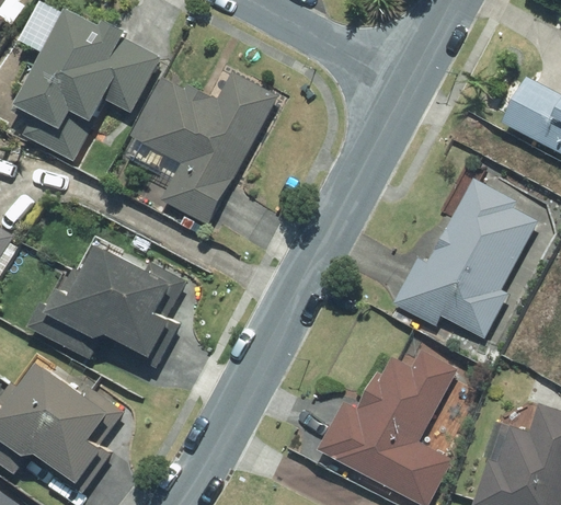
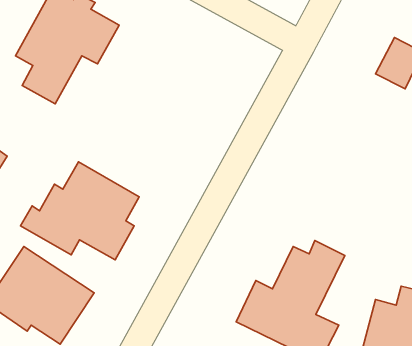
building: [130,71,278,225] -> none
building: [389,164,535,338] -> none

